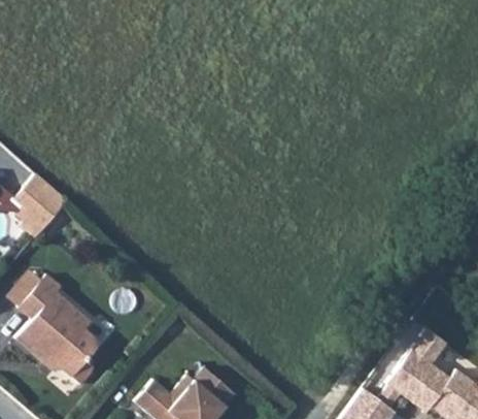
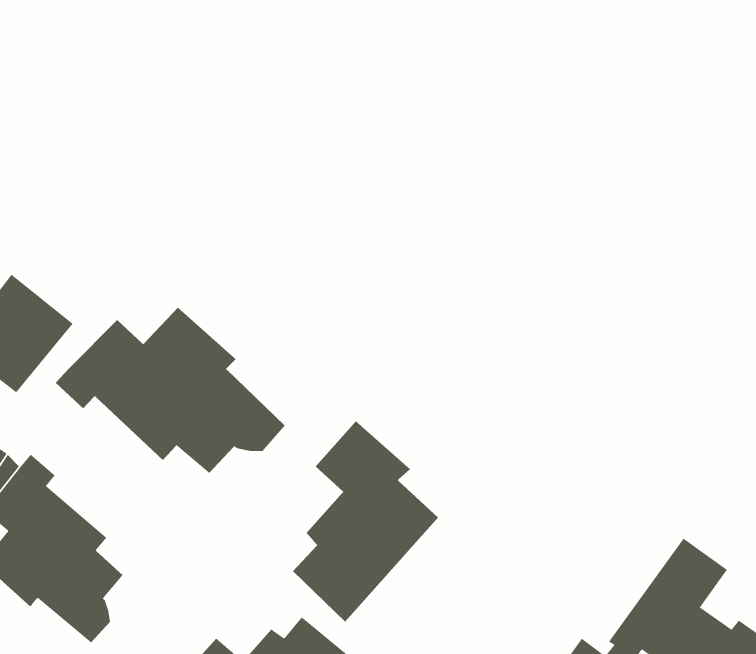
building: none -> [55,307,286,474]
building: none -> [292,420,439,623]

